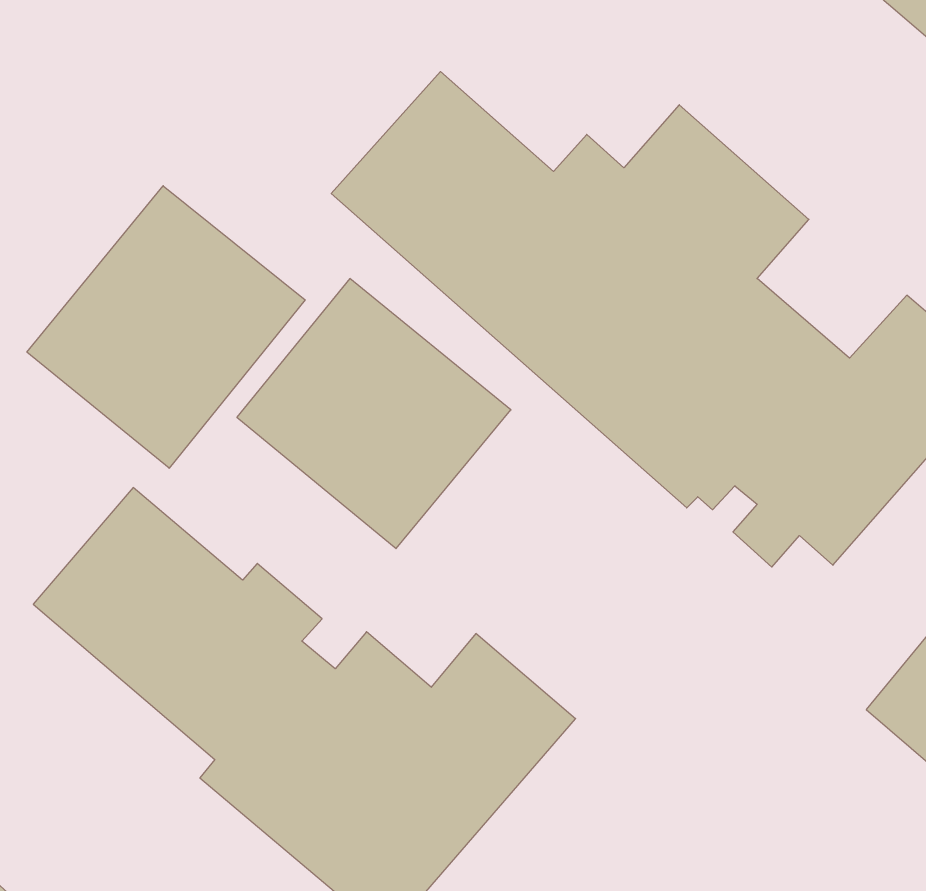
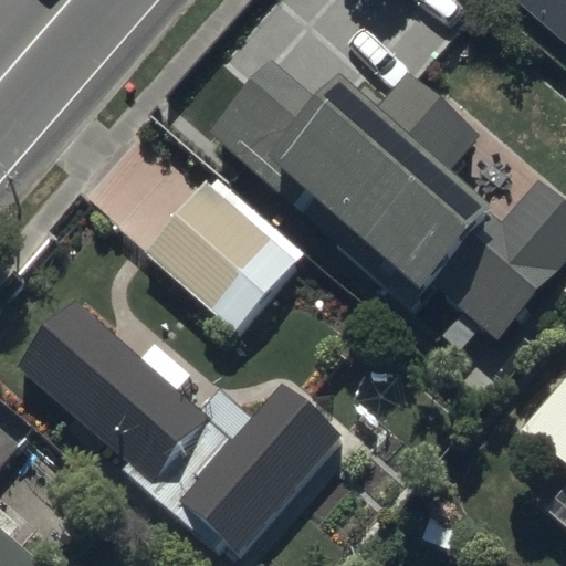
building: [27,186,305,468] -> none

